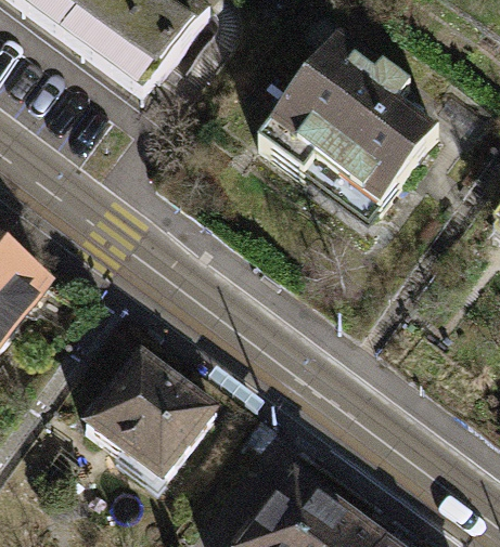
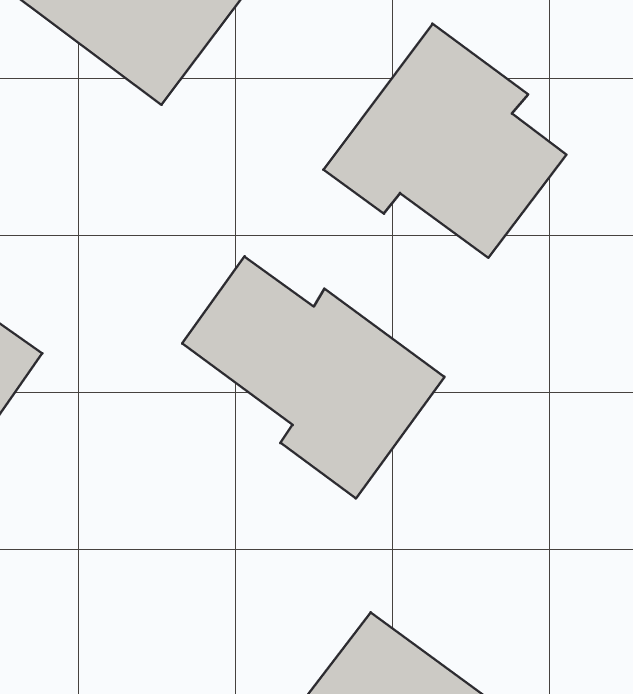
building: none -> [182,256,444,498]
building: [86,346,216,473] -> none

